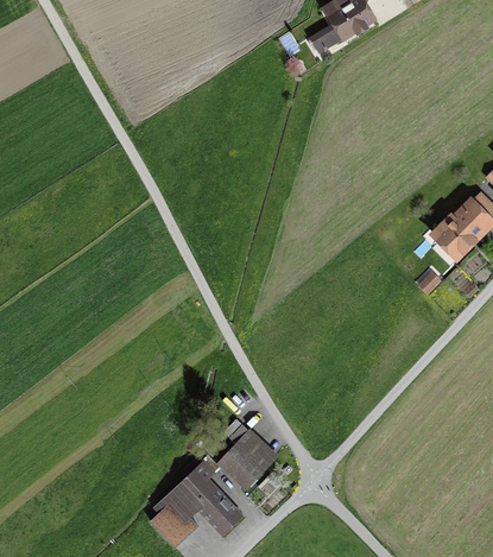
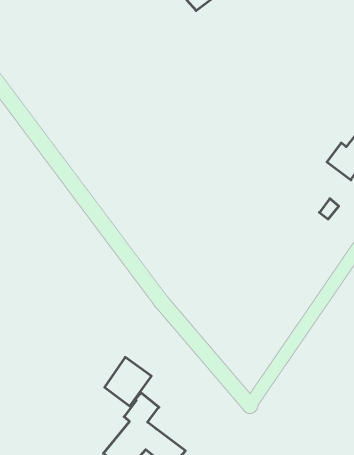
building: [223,429,274,481] -> [105,357,151,406]

